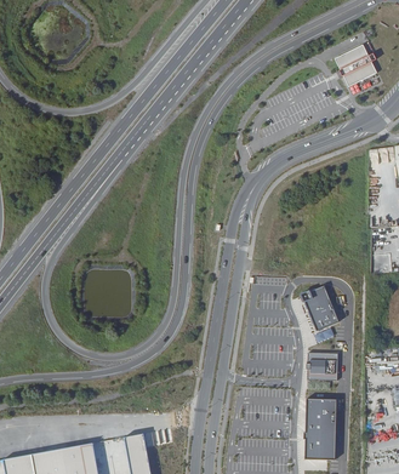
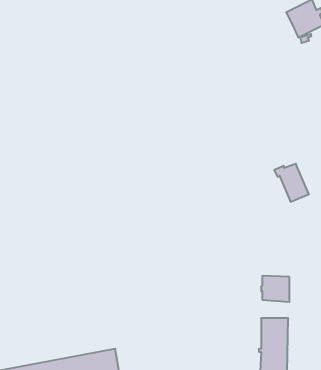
building: [298,286,337,329] -> [274,164,309,202]

